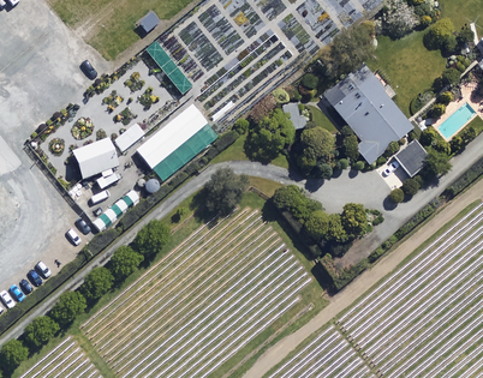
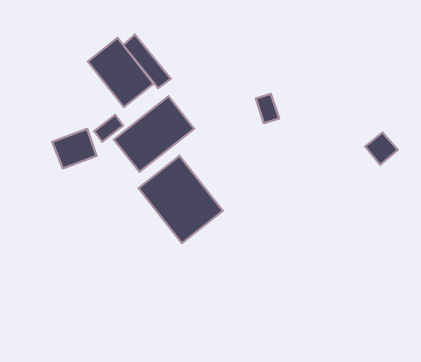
building: none -> [88,38,154,107]
building: [323,65,411,163] -> none
building: none -> [138,156,223,243]

